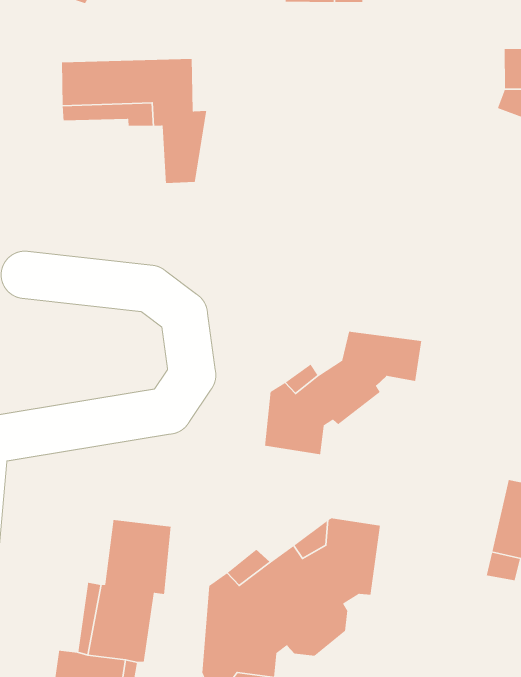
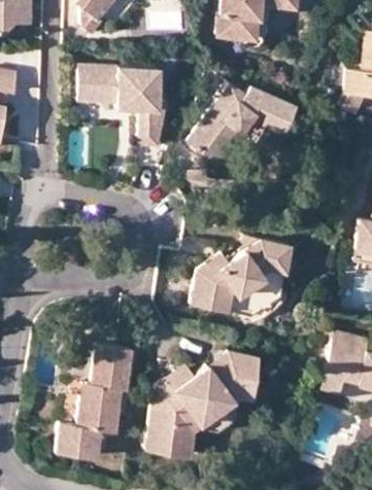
building: none -> [188,85,296,164]
building: none -> [225,267,284,317]

